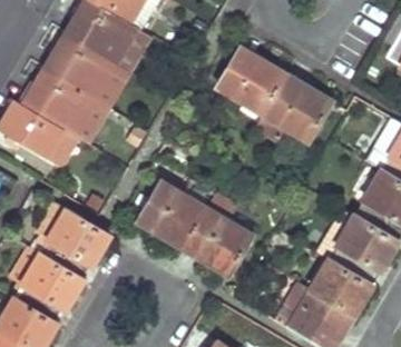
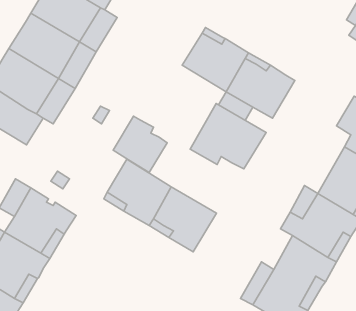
building: none -> [190,103,266,169]
building: none -> [113,116,167,172]

